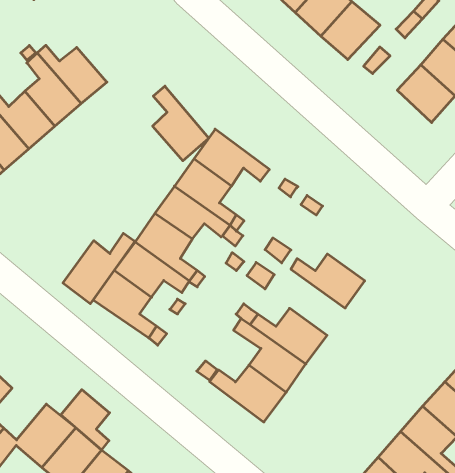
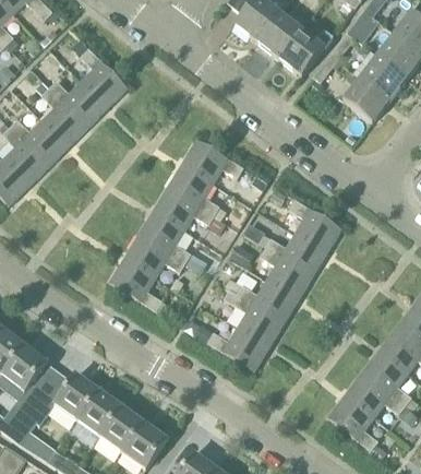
building: [153,86,209,161] -> [81,48,128,107]
building: none -> [289,199,341,252]
building: [63,233,135,304] -> none
building: none -> [260,247,312,298]
building: [61,390,110,450] -> none

